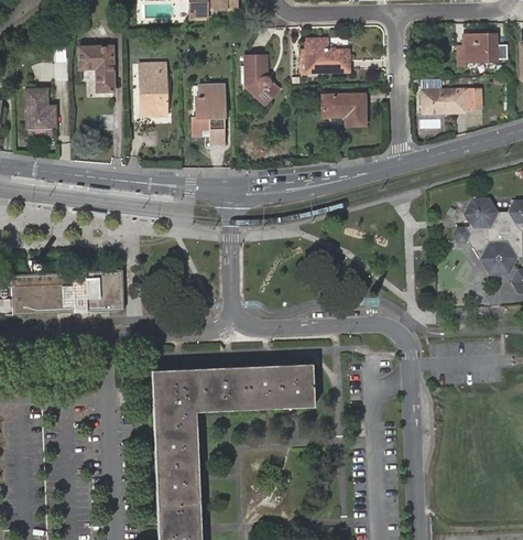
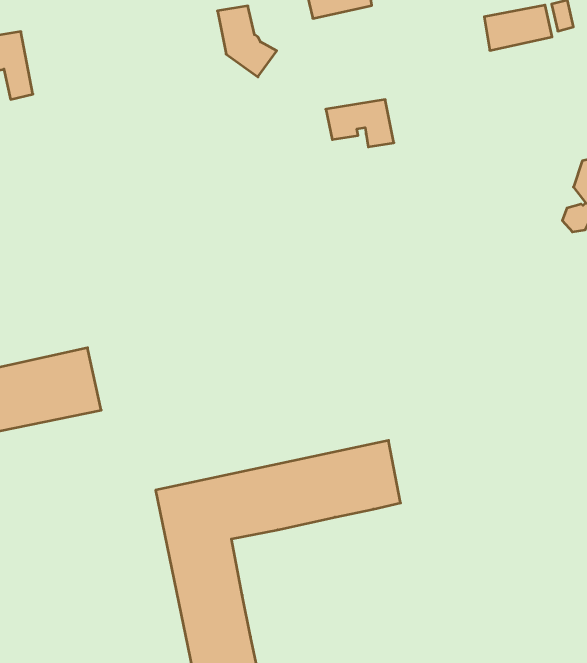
building: [140,66,167,118] -> none
building: [194,86,226,145] -> none
building: [325,96,367,126] -> [326,100,394,147]

